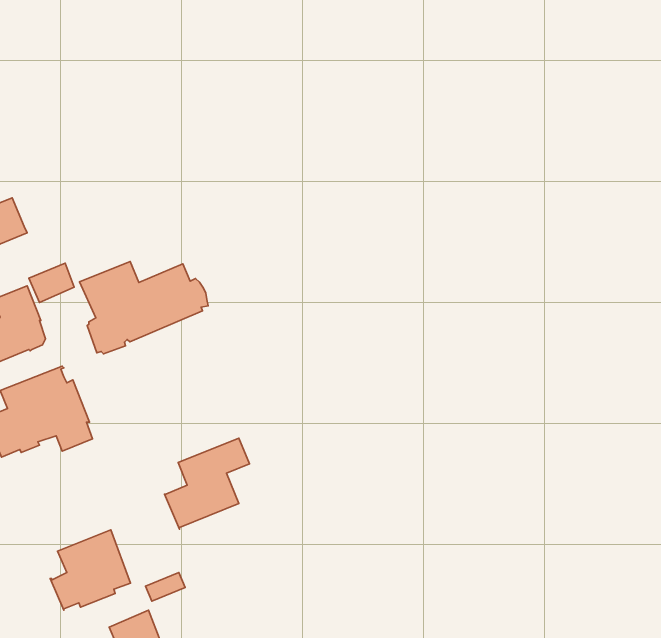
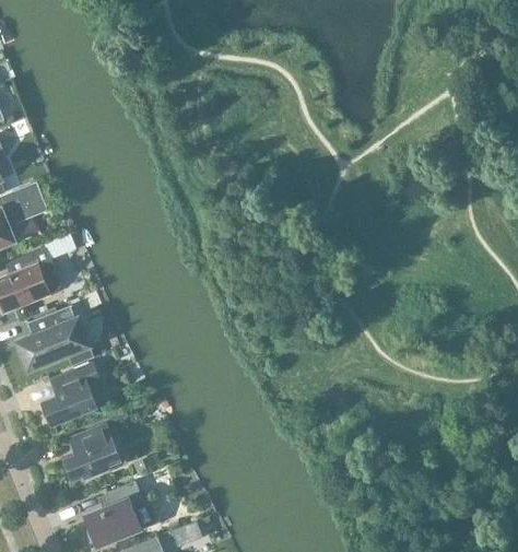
building: [80,261,208,354] -> none
building: [164,438,249,529] -> [39,362,101,427]

